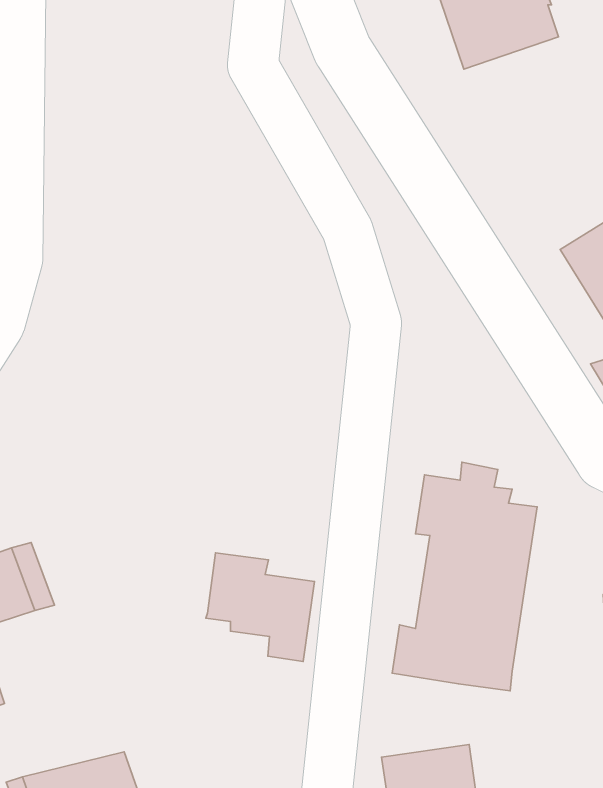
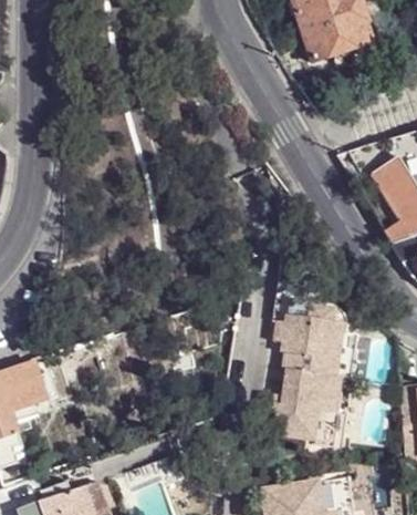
building: [206,553,314,661] -> none

